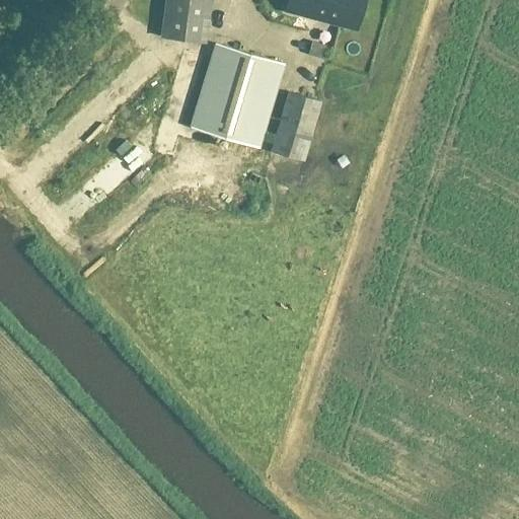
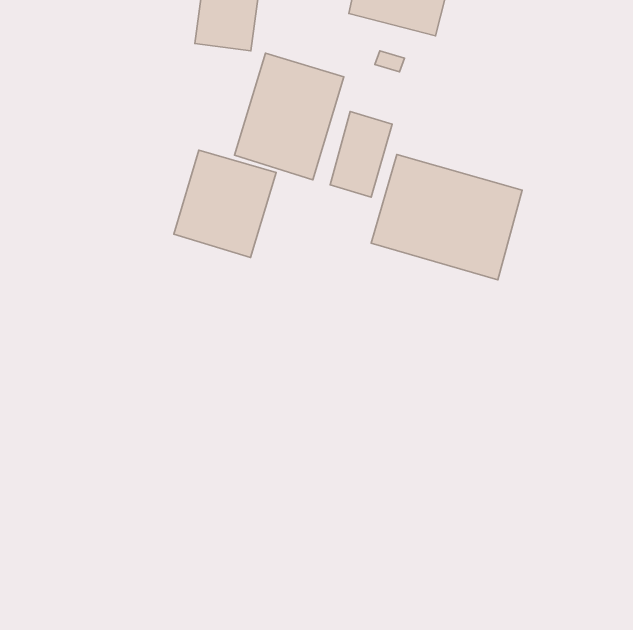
building: none -> [174,150,276,257]
building: none -> [371,154,522,280]

